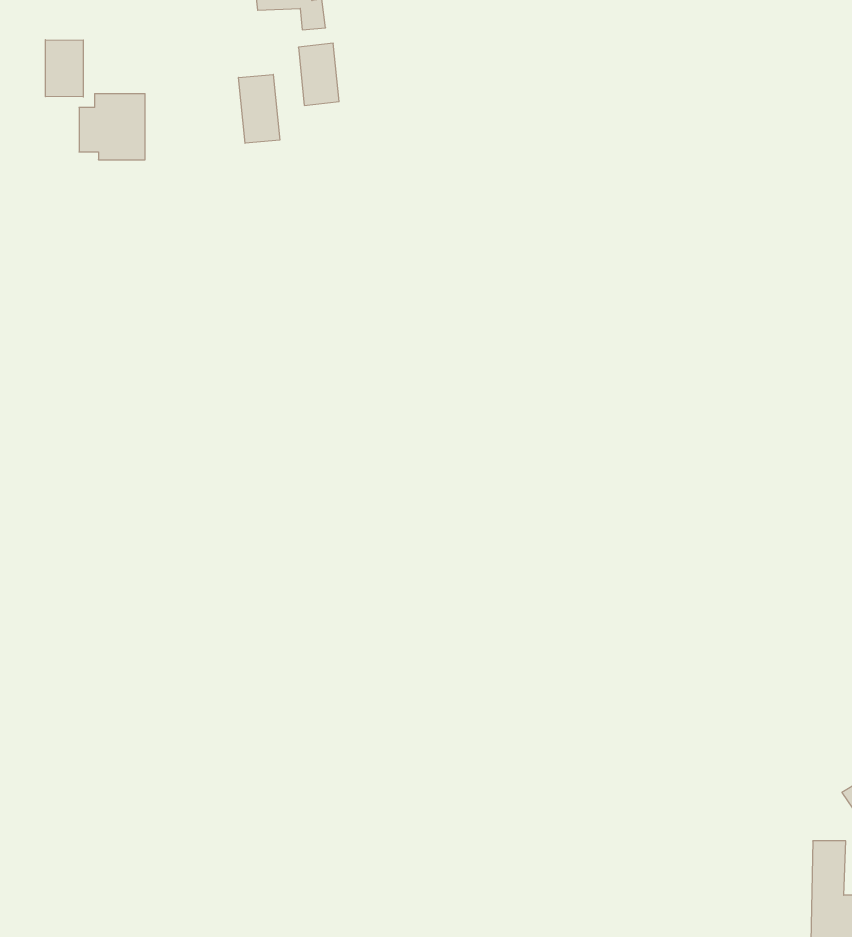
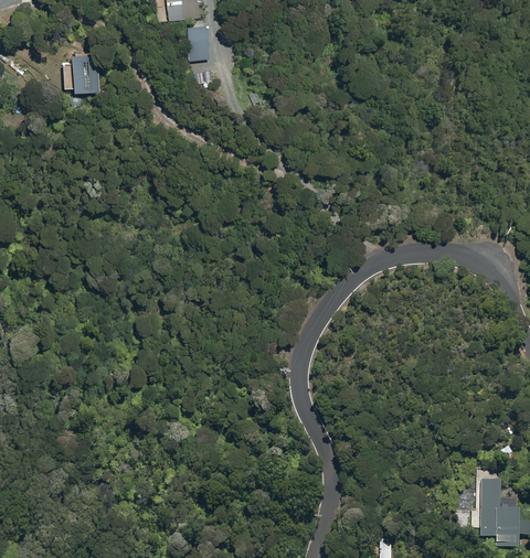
building: [45,40,83,97] -> none
building: [239,74,280,143] -> none

